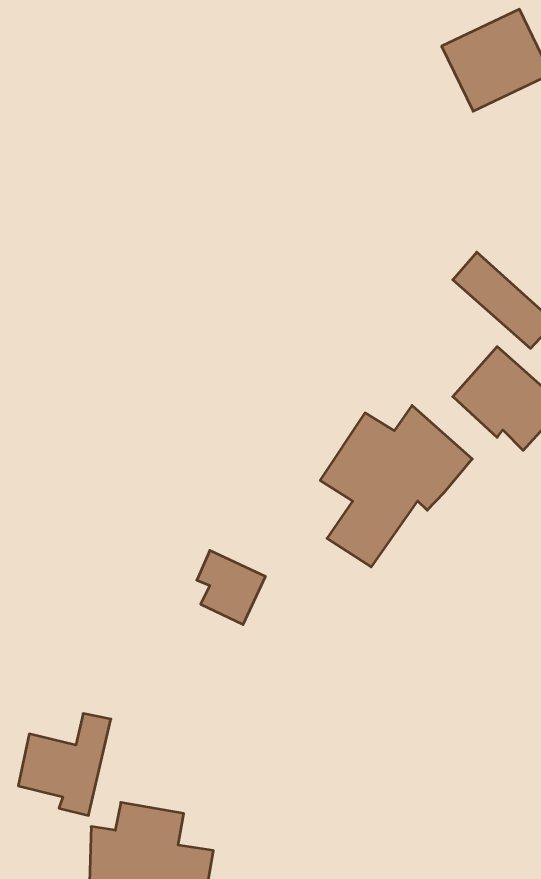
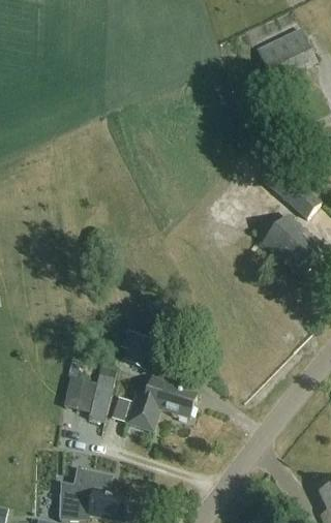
building: [320,405,472,567] -> none
building: none -> [126,376,198,429]
building: [18,714,111,815] -> [65,364,117,421]

